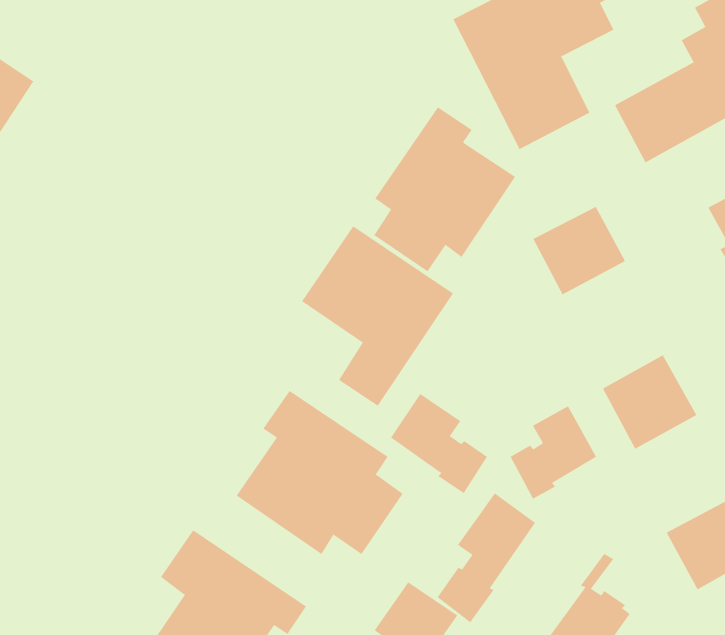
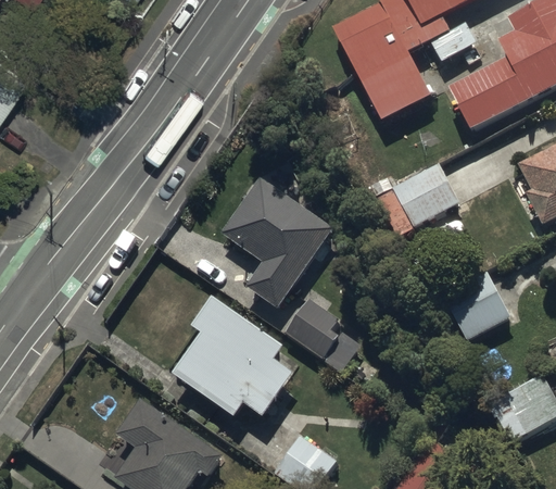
building: [373,107,516,272] -> none
building: [510,405,597,500] -> none
building: [437,492,536,623] -> none

